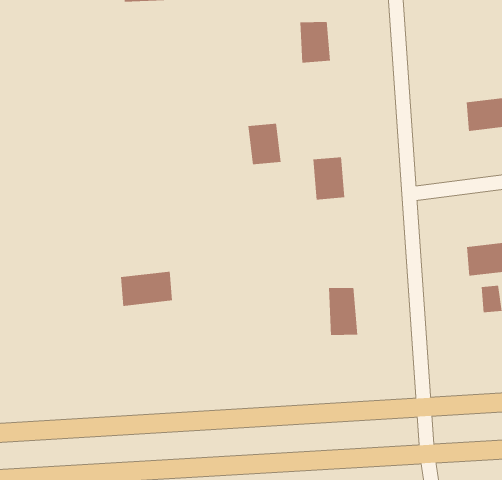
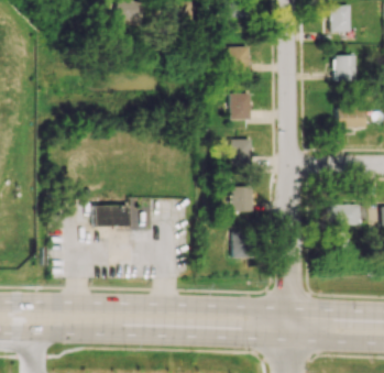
building: none -> [333,55,355,83]
building: [247,123,282,165] -> [230,94,251,120]
building: none -> [231,186,252,212]

